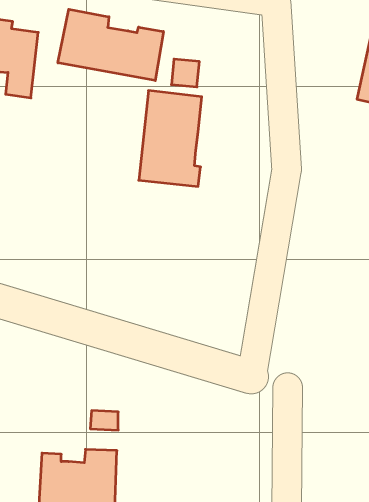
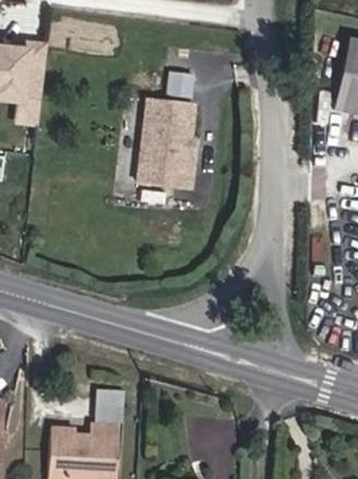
building: [58,9,163,81] -> none

